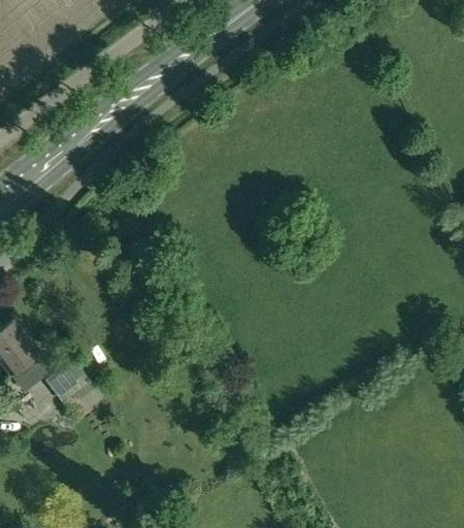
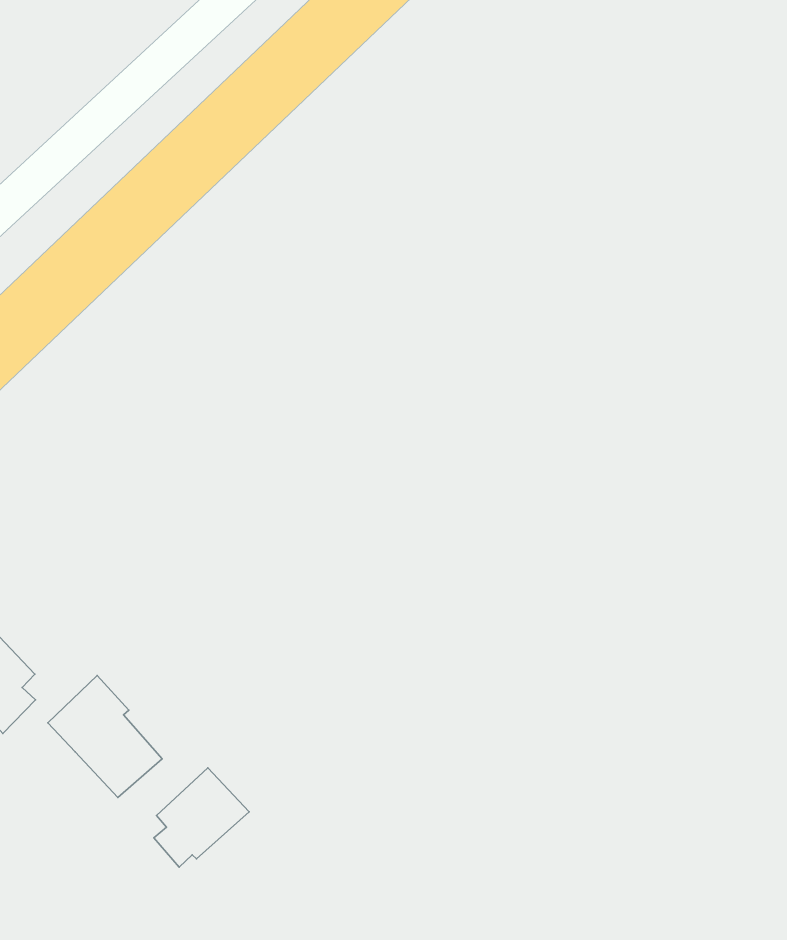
building: none -> [154,768,249,867]

